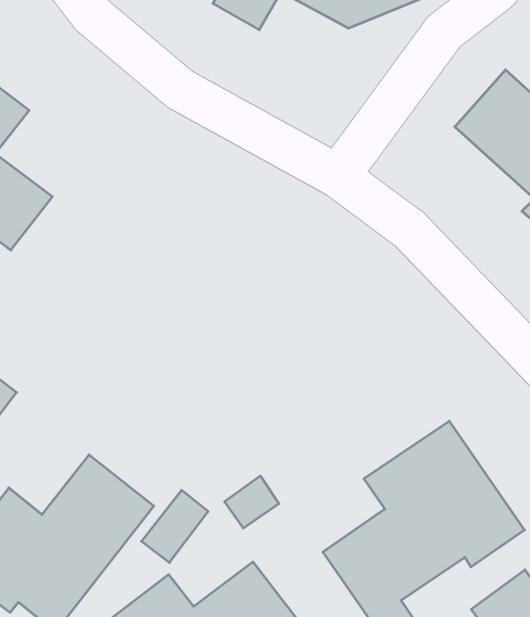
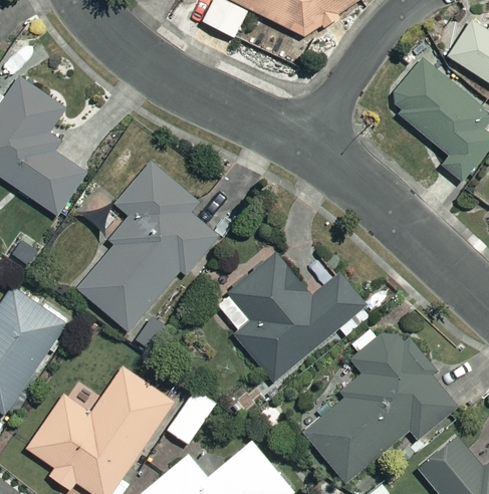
building: none -> [78,163,222,331]
building: none -> [217,254,365,382]

